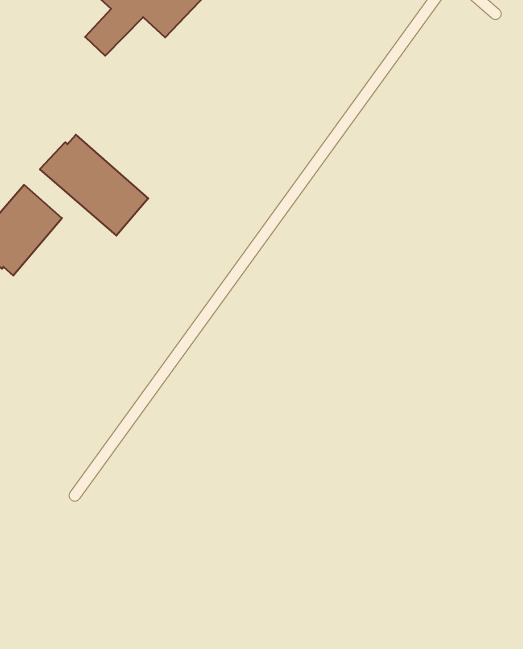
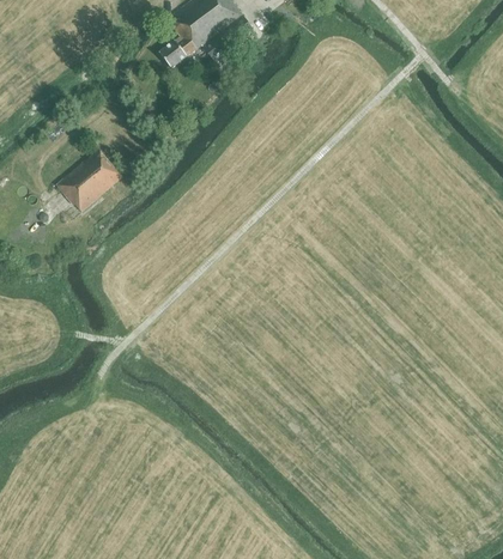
building: [40,135,148,236] -> none

